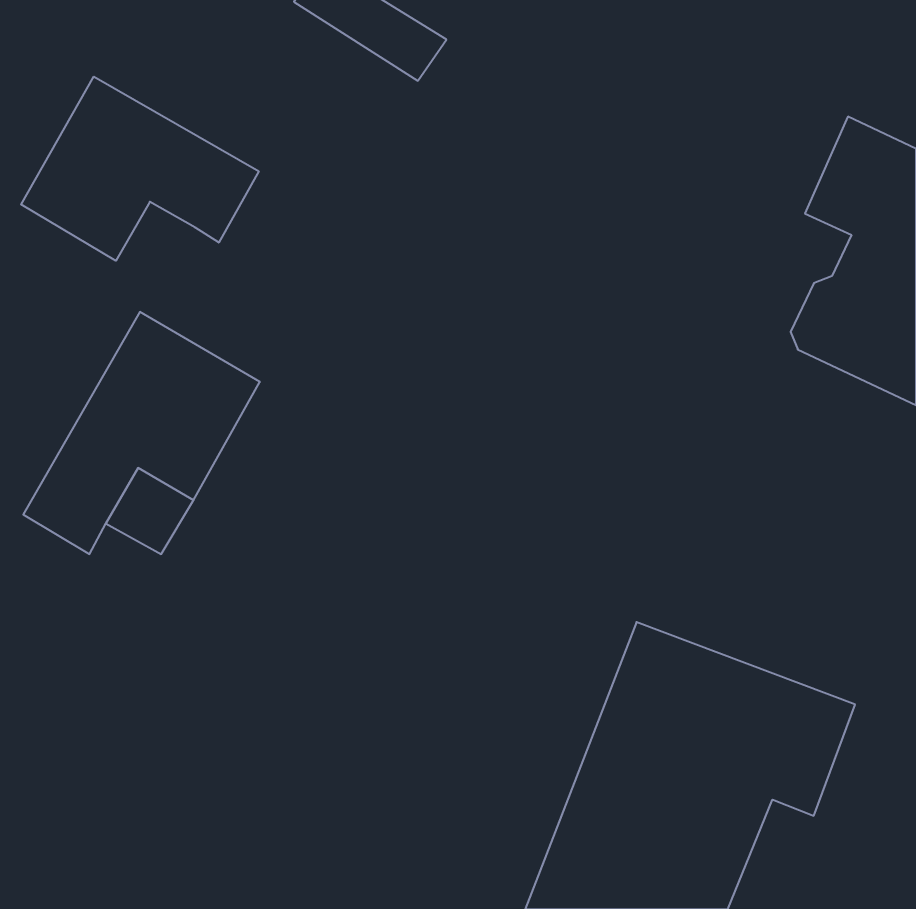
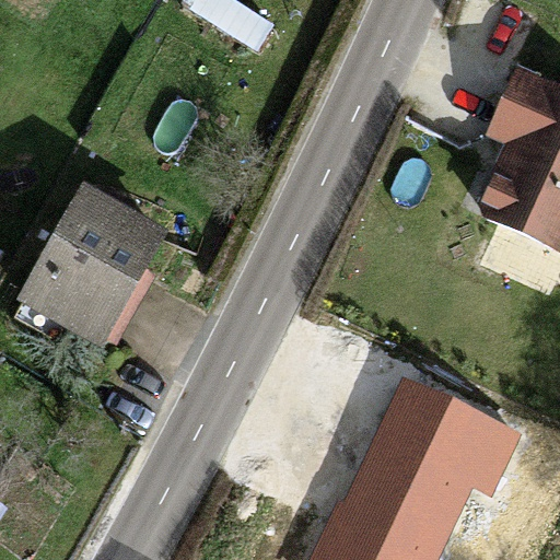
building: [21,77,259,261] -> none

